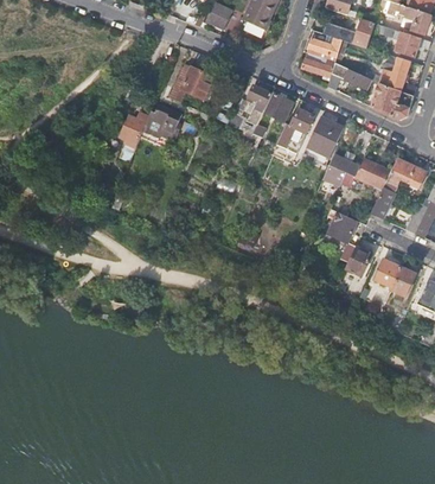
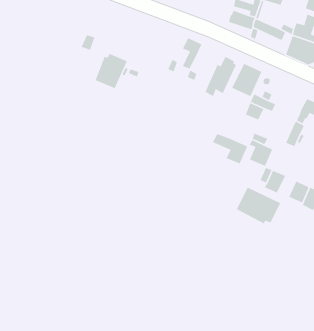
building: [181,64,215,97] -> none
building: [263,91,293,120] -> none
building: [119,109,149,160] -> none
building: [356,158,390,189] -> none
building: none -> [212,133,248,165]
building: none -> [236,186,281,224]

